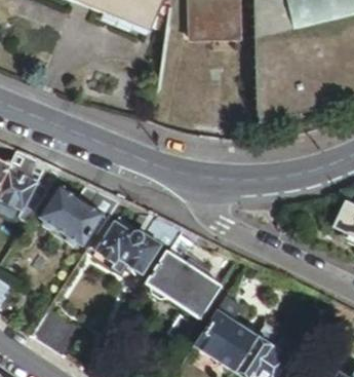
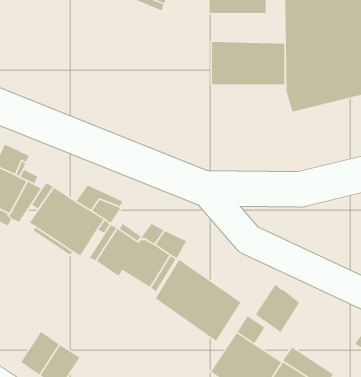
building: none -> [211,41,285,85]
building: none -> [255,283,300,333]

